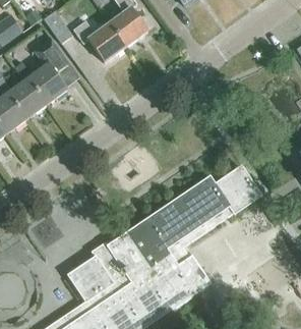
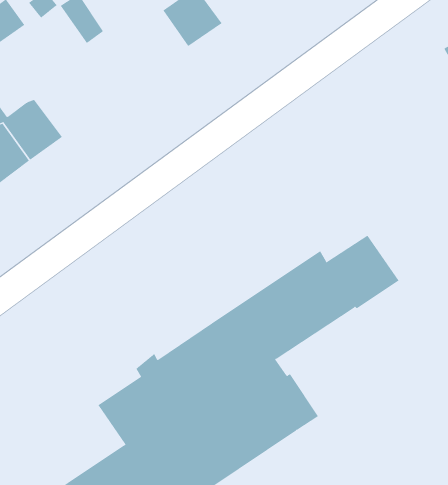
building: [74,20,126,61] -> none
building: [14,38,66,103] -> none

